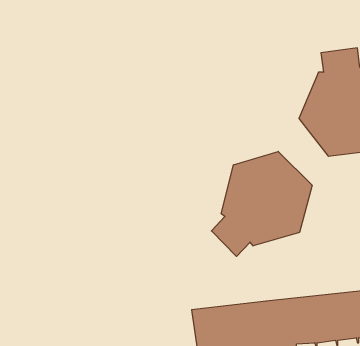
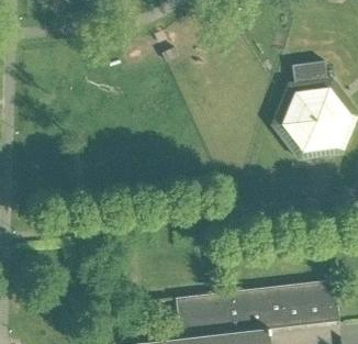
building: [211,151,312,256] -> none

